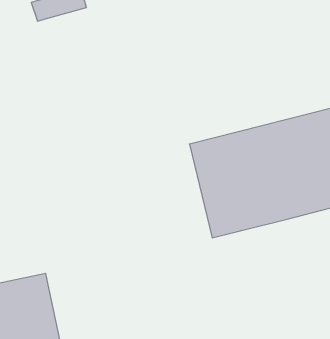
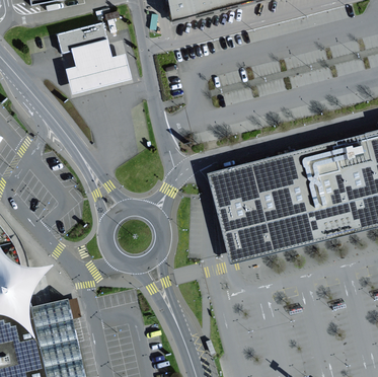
building: none -> [68,40,134,94]

